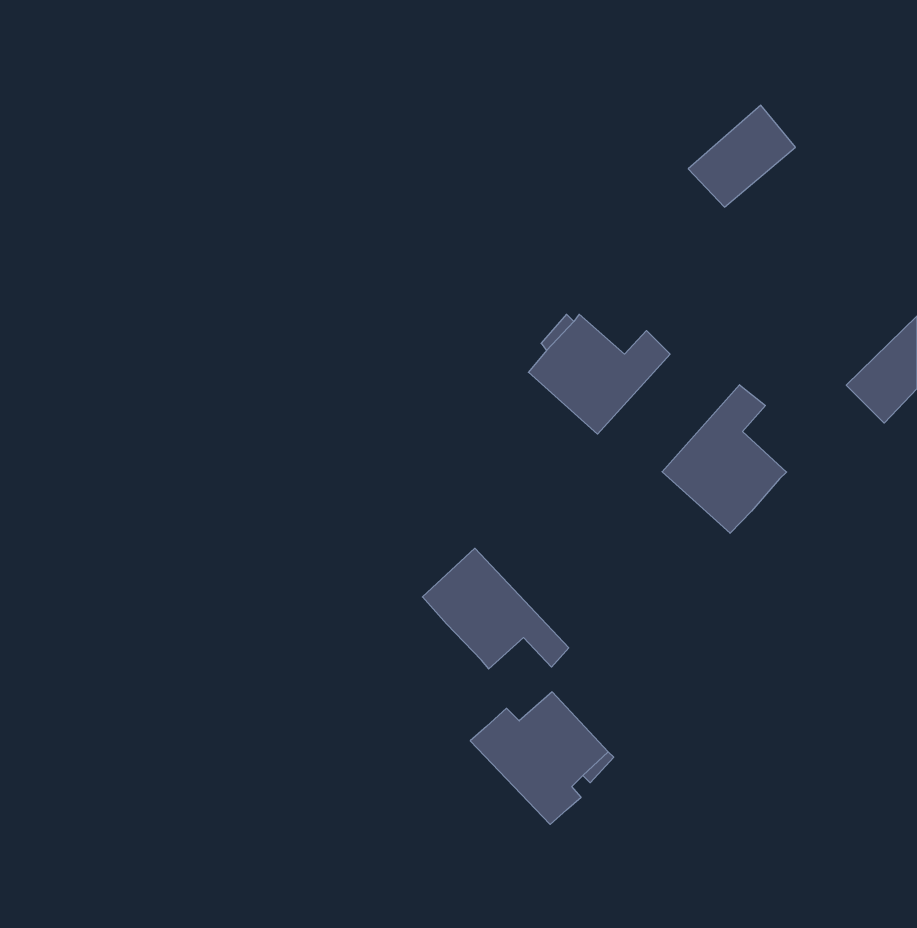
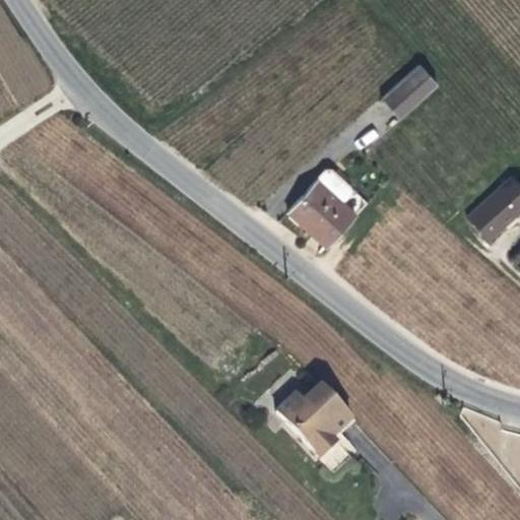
building: [662,385,787,533] -> none
building: [422,548,569,669] -> none

